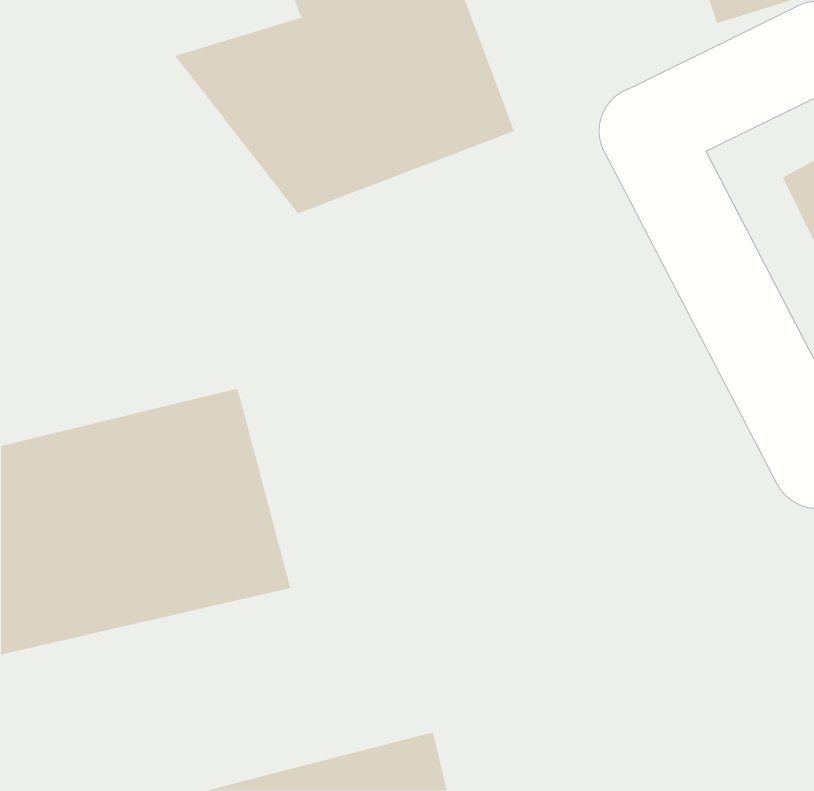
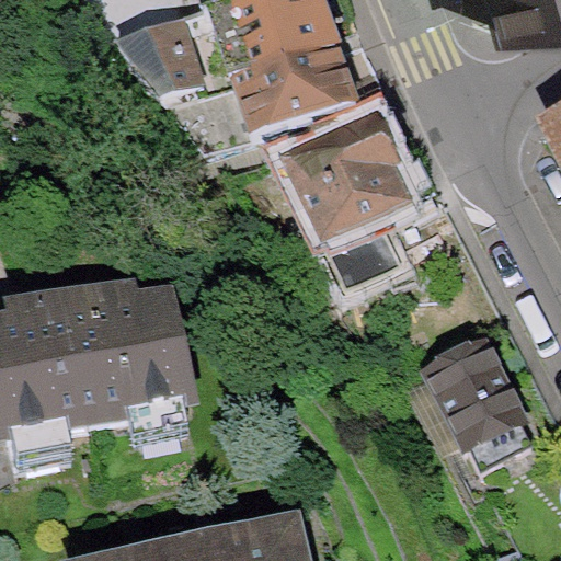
building: none -> [276,115,412,286]
building: none -> [403,332,538,466]

